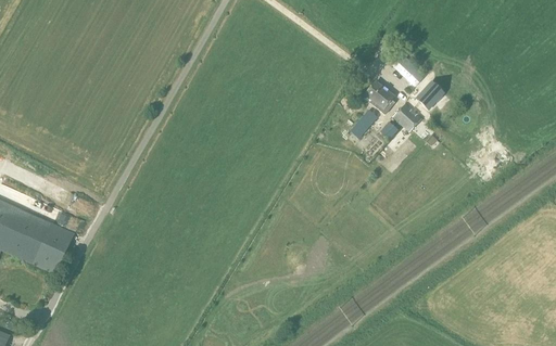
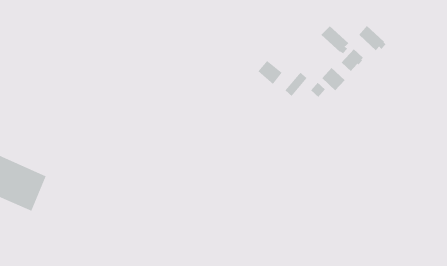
building: none -> [358,25,386,51]
building: [365,80,394,110] -> [258,60,283,85]

